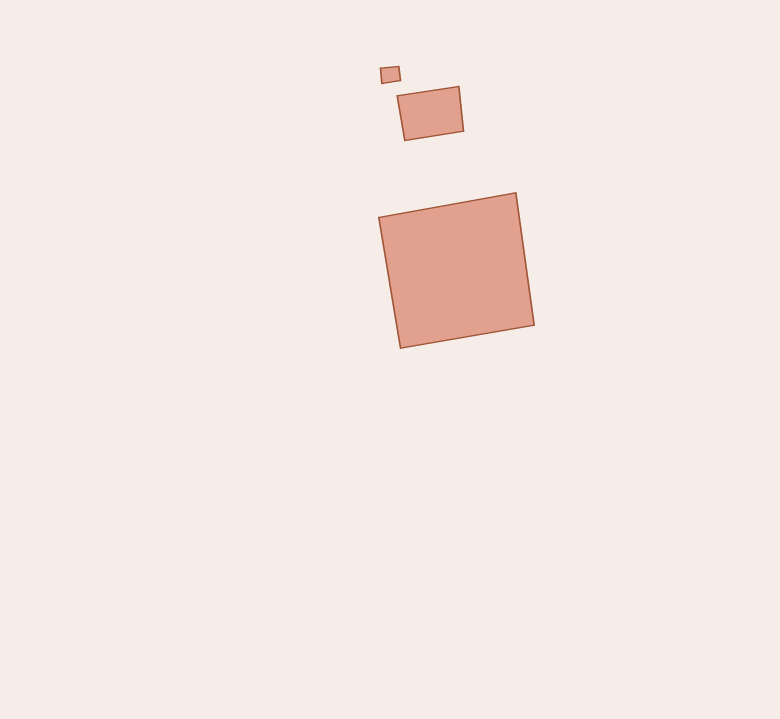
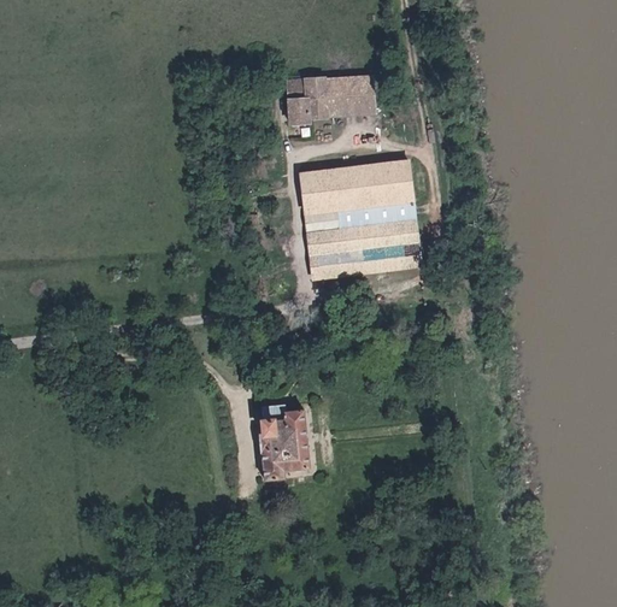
building: none -> [277,81,318,128]
building: none -> [262,405,312,481]

